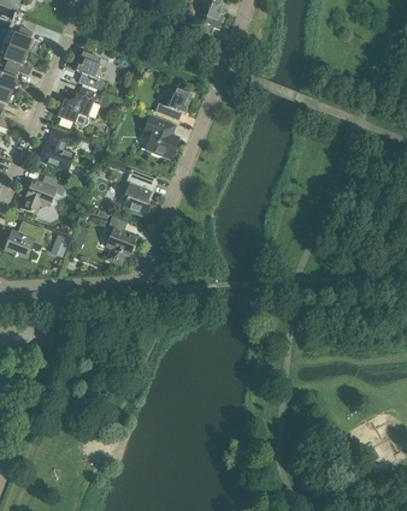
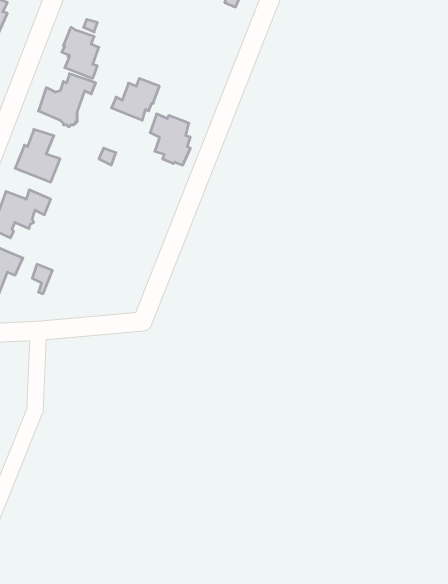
building: [154,87,191,119] -> [111,78,159,120]
building: [122,167,155,216] -> none
building: [104,215,136,263] -> none

